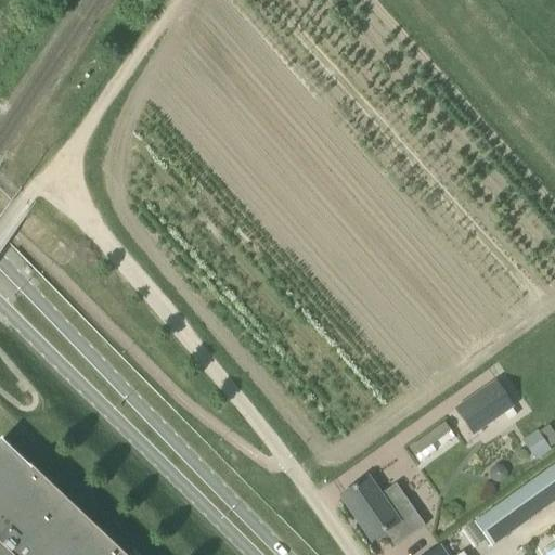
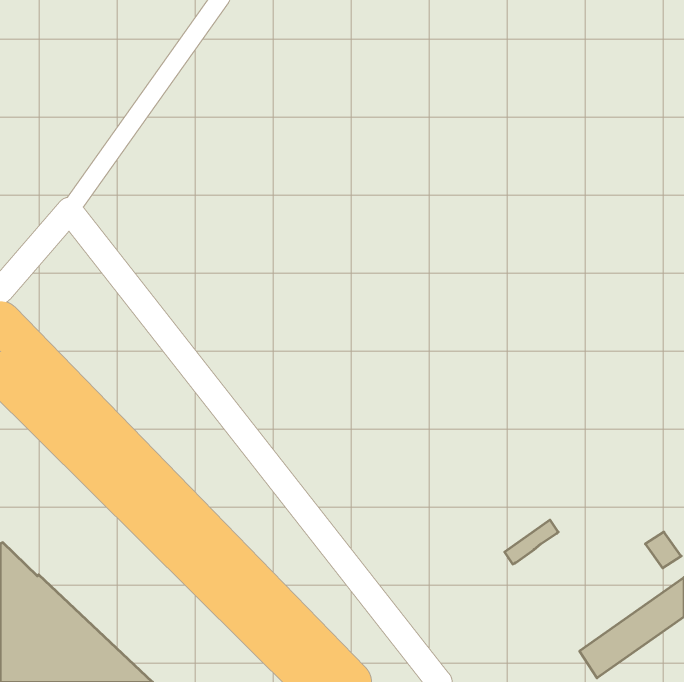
building: [456,380,513,433] -> none
building: [341,477,426,545] -> none

